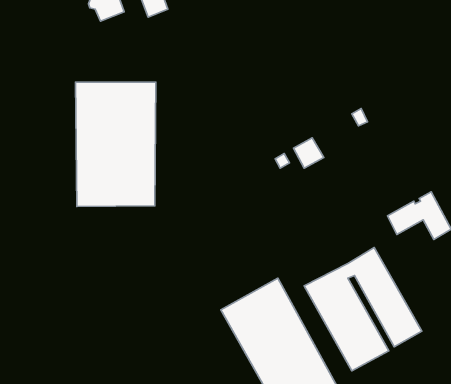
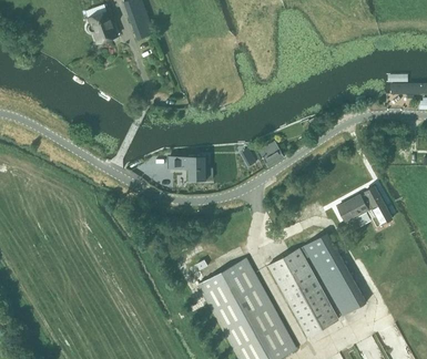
building: [76,82,156,206] -> none
building: none -> [170,155,206,180]

